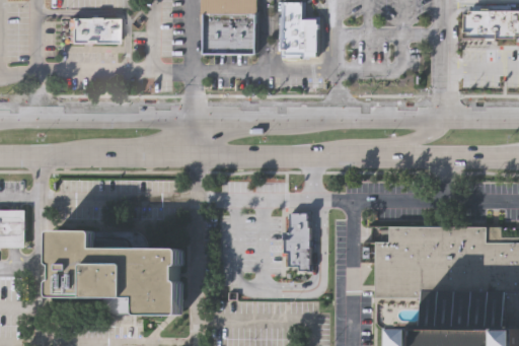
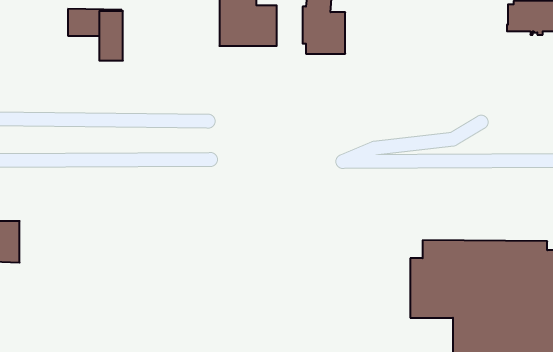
building: [284,212,309,269] -> none
building: [53,228,183,314] -> none

